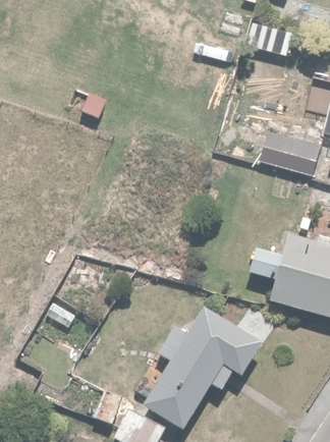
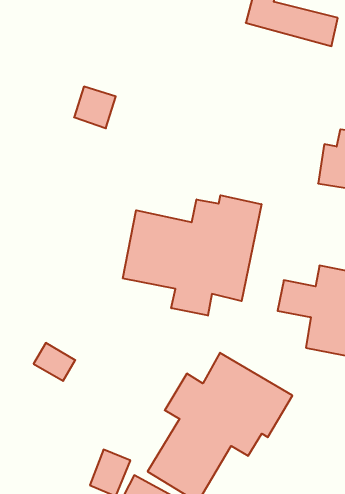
building: none -> [123,195,261,316]

